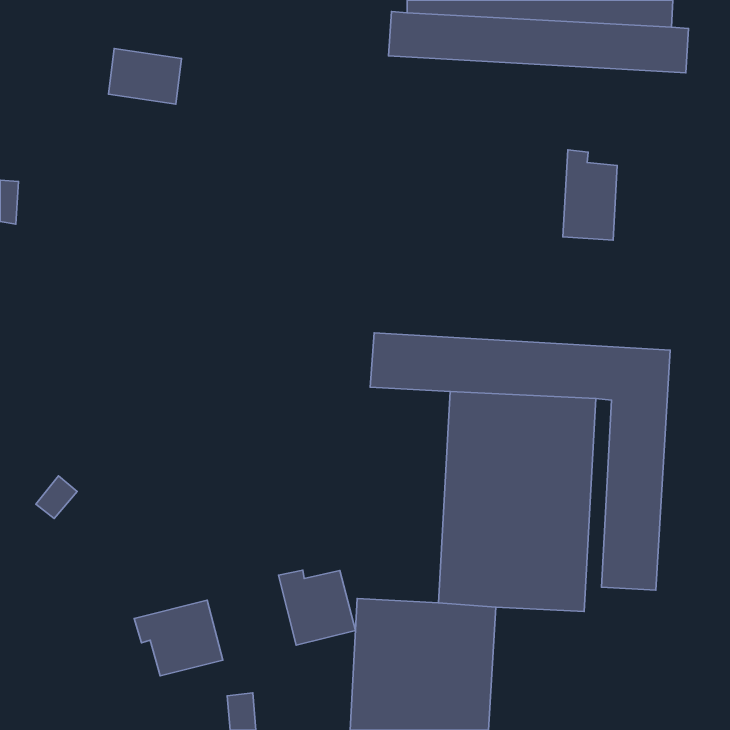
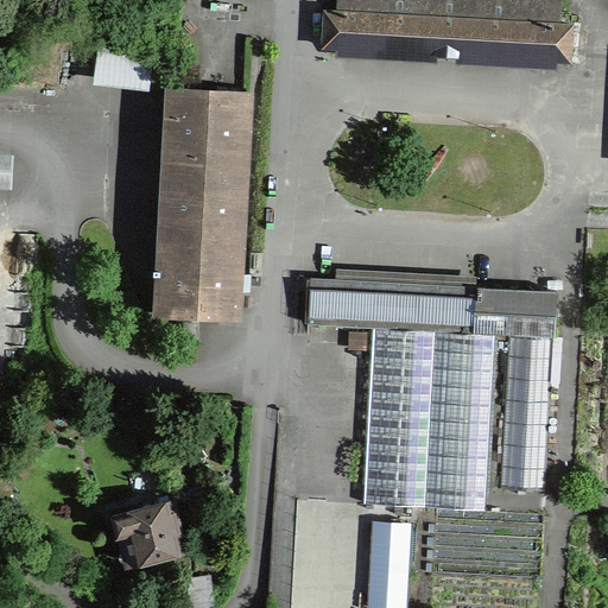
building: none -> [154,87,249,318]
building: [563,150,617,240] -> none
building: [278,570,355,645] -> none

